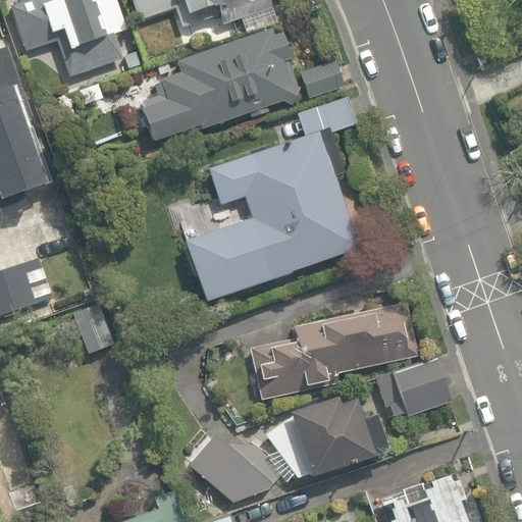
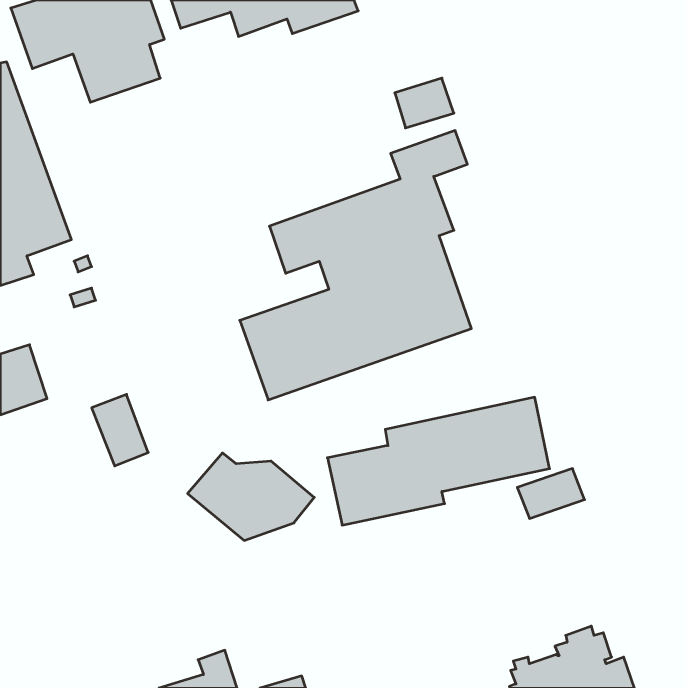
building: [133,28,300,141] -> none
building: [263,396,386,476] -> none
building: [188,437,283,504] -> [188,453,314,540]

